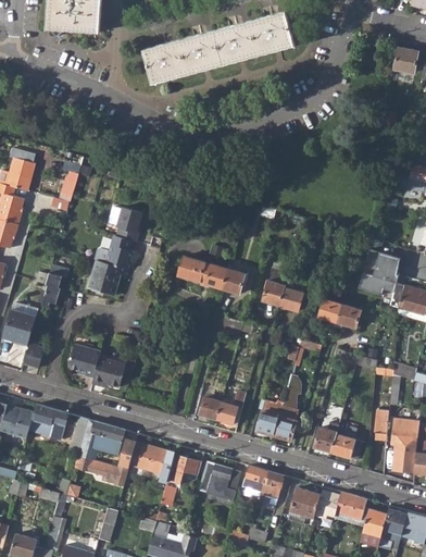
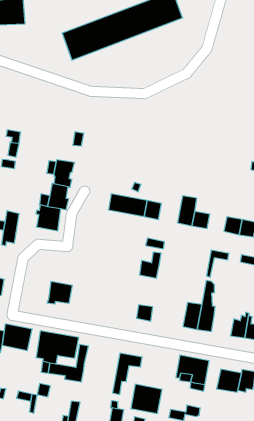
building: [67,344,99,379] -> none
building: [216,393,246,425] -> [140,252,161,278]
building: [128,442,167,474] -> none
building: [199,461,240,500] -> [131,384,162,414]

